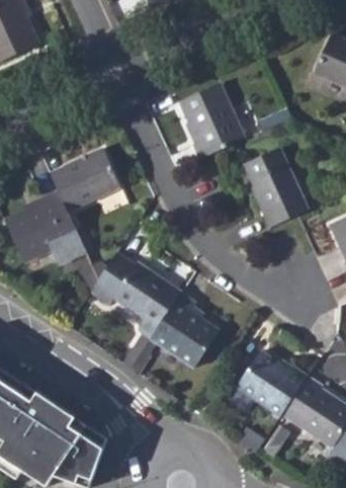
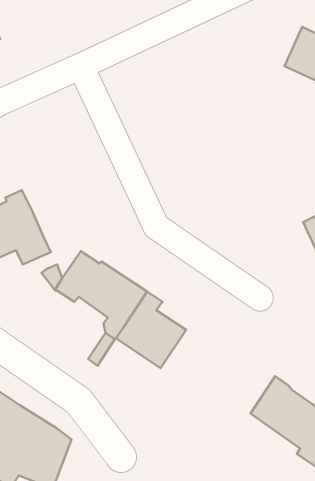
building: [178,83,244,158] -> none
building: [244,148,308,227] -> none
building: [50,150,119,214] -> none
building: [238,350,306,414] -> none

